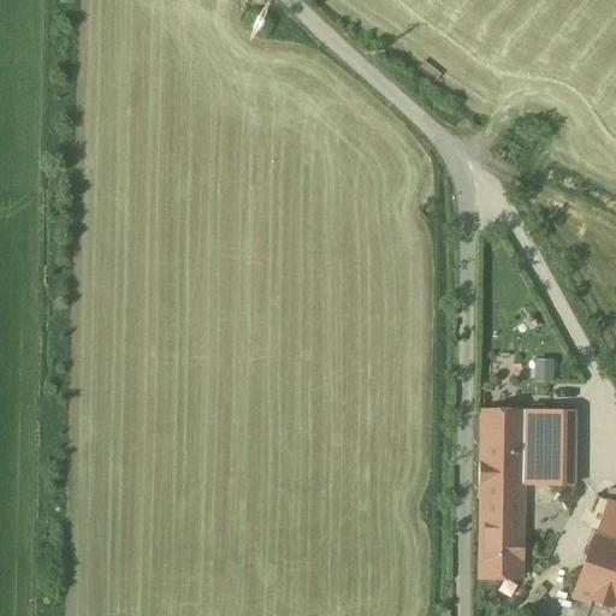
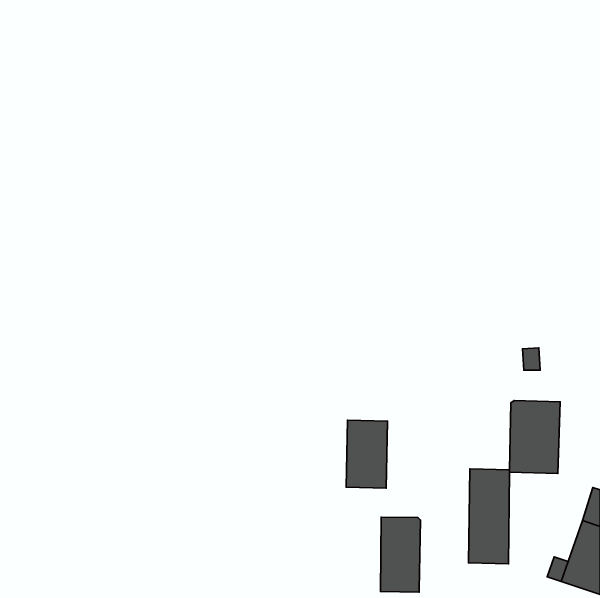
building: [481,411,523,481] -> [346,420,387,488]
building: none -> [381,517,421,592]

